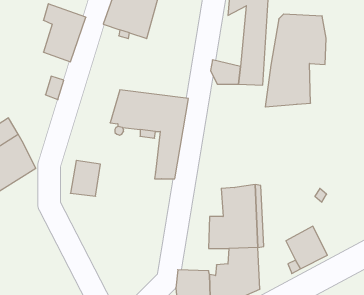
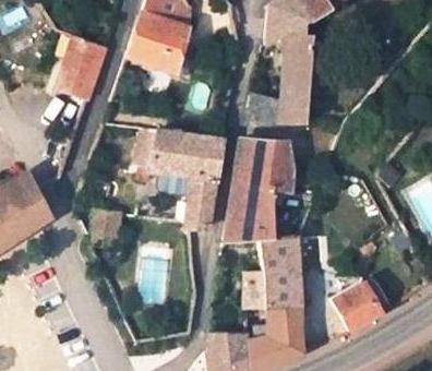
building: [265,14,326,107] -> [224,139,292,243]

